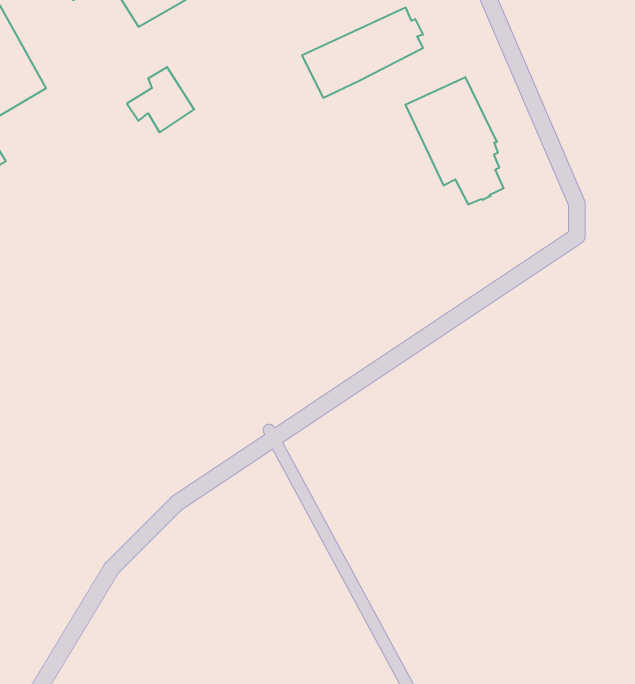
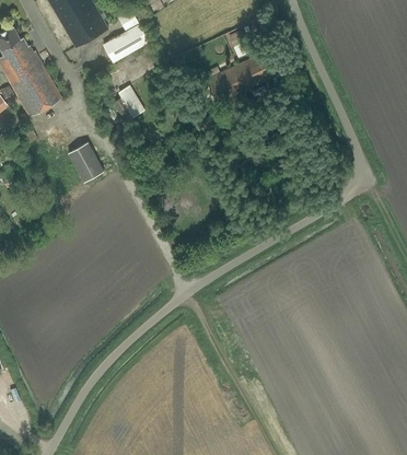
building: [405,77,504,205] -> none
building: none -> [67,142,103,183]

